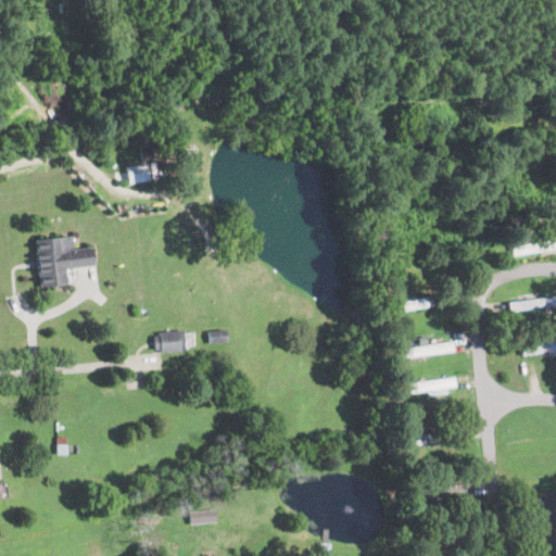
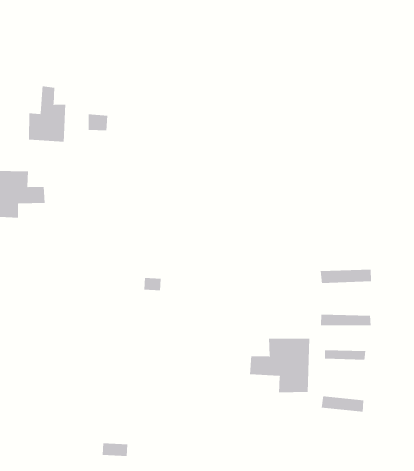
building: none -> [28,85,66,142]
building: [156,331,188,352] -> none
building: none -> [249,338,310,393]

